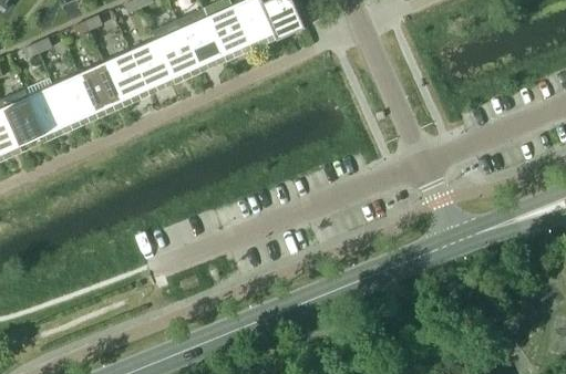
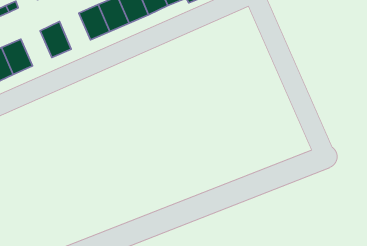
building: [104,54,145,102] -> none
building: [53,77,94,124] -> none

